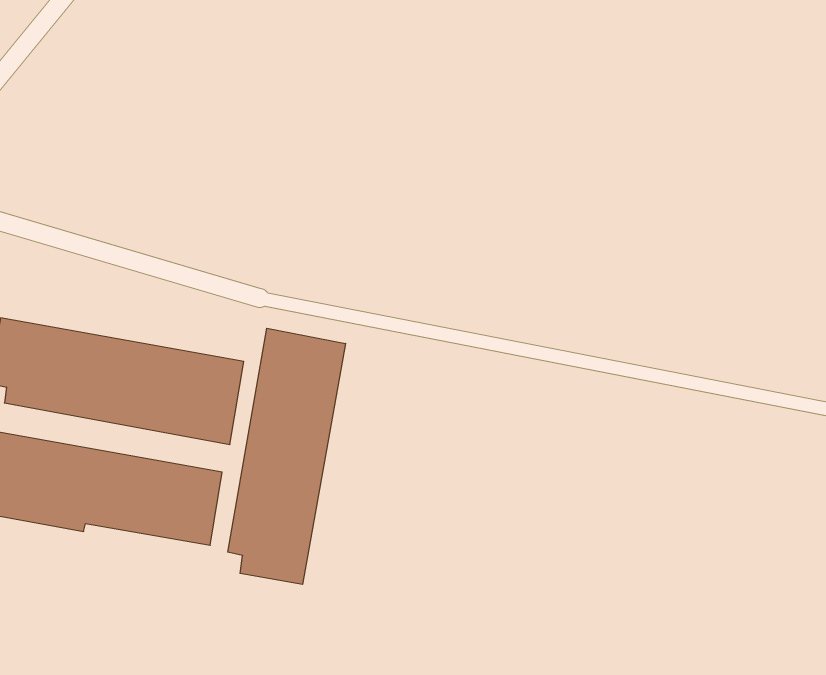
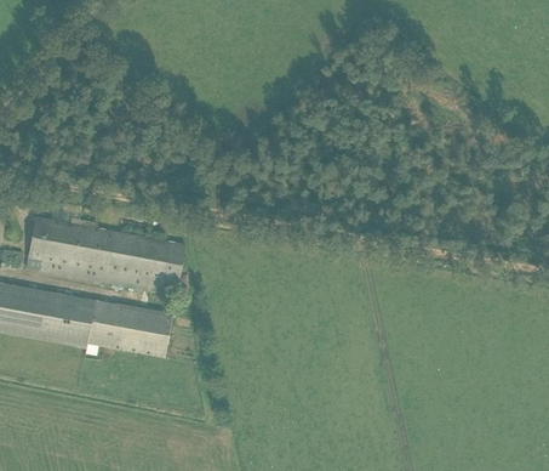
building: [228,328,346,584] -> none

